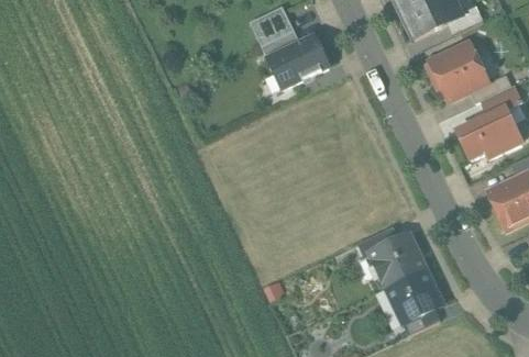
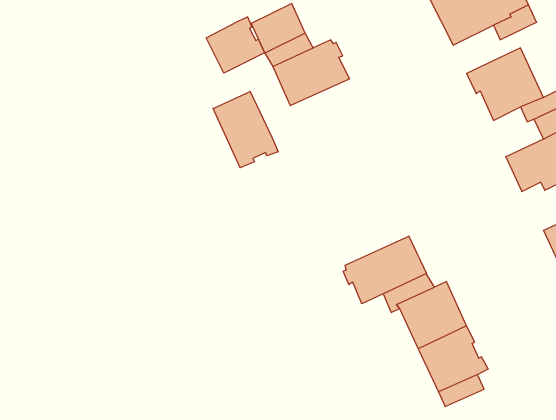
building: none -> [206,17,265,73]
building: none -> [213,91,278,168]
building: none -> [343,236,427,304]

